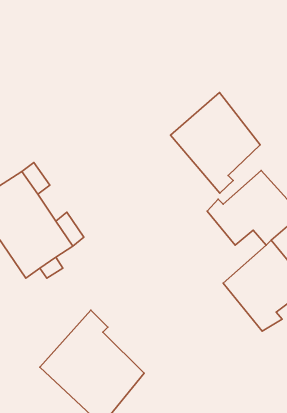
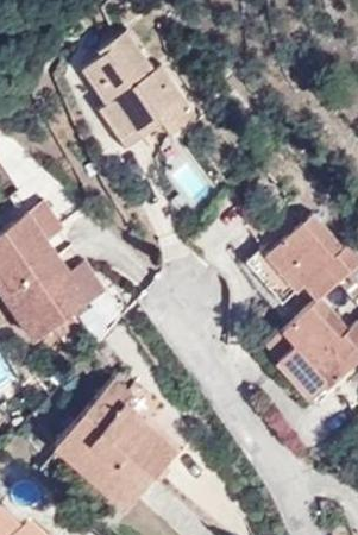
building: none -> [84,31,197,149]
building: [171,93,260,193] -> none

